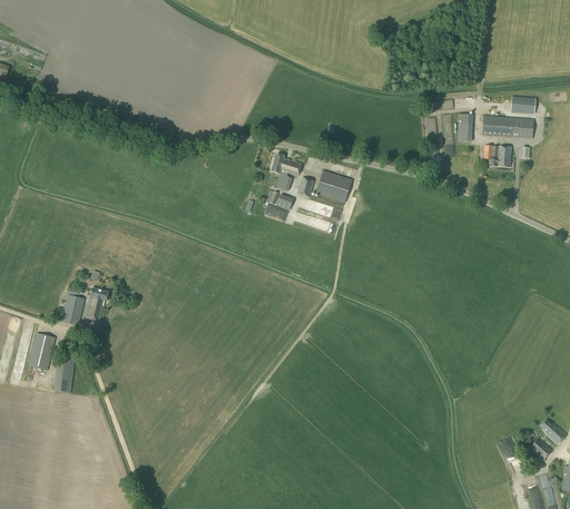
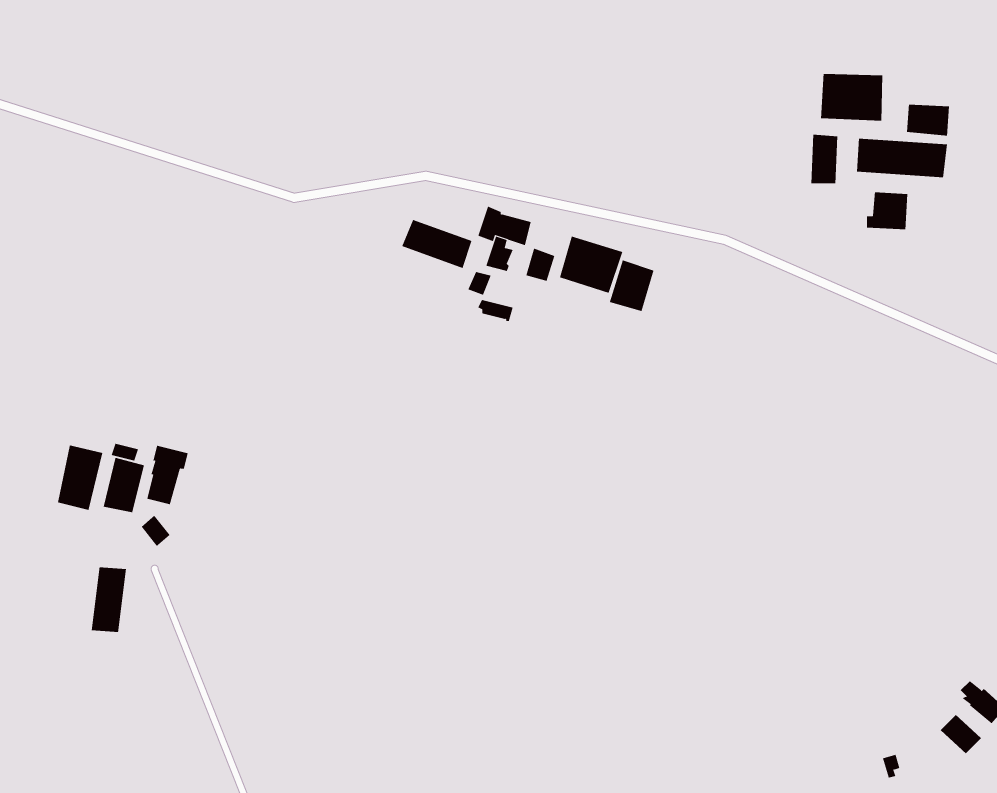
building: none -> [820,73,883,121]
building: none -> [401,219,472,269]
building: none -> [609,259,654,312]
building: [29,333,55,370] -> [57,445,103,511]

